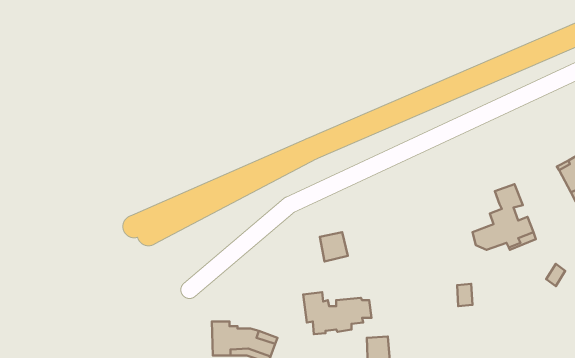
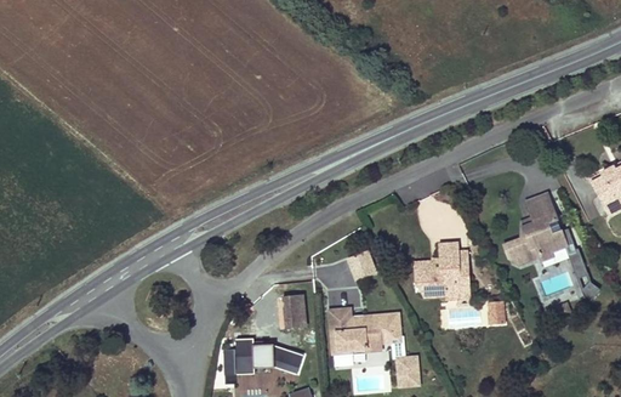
building: none -> [417,243,471,297]
building: none -> [284,294,306,328]

